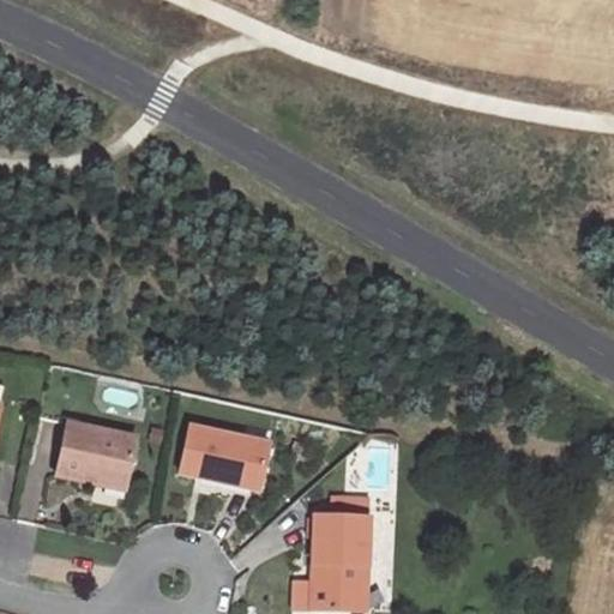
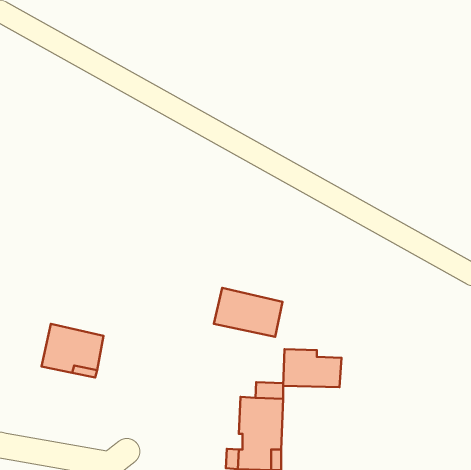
building: [180,426,269,489] -> [214,288,282,337]
building: none -> [283,349,342,387]

